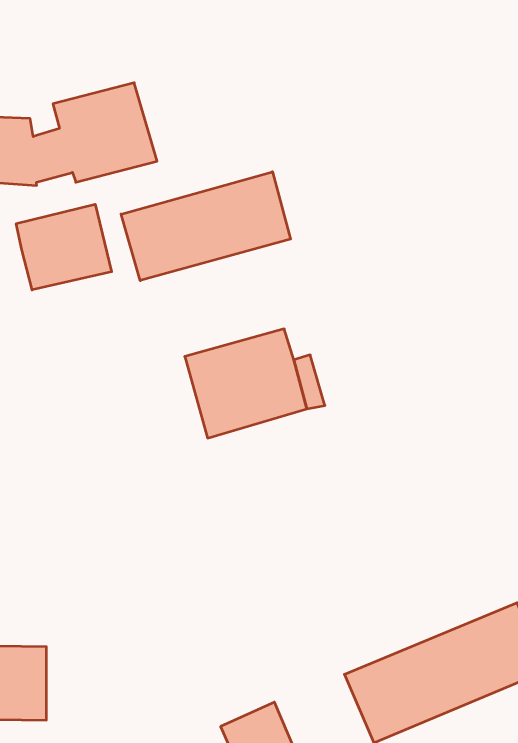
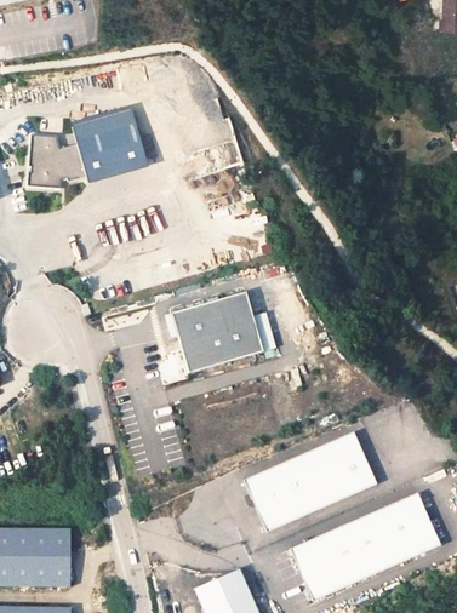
building: [121,172,291,281] -> none
building: [16,204,112,290] -> none
building: none -> [244,432,377,532]

